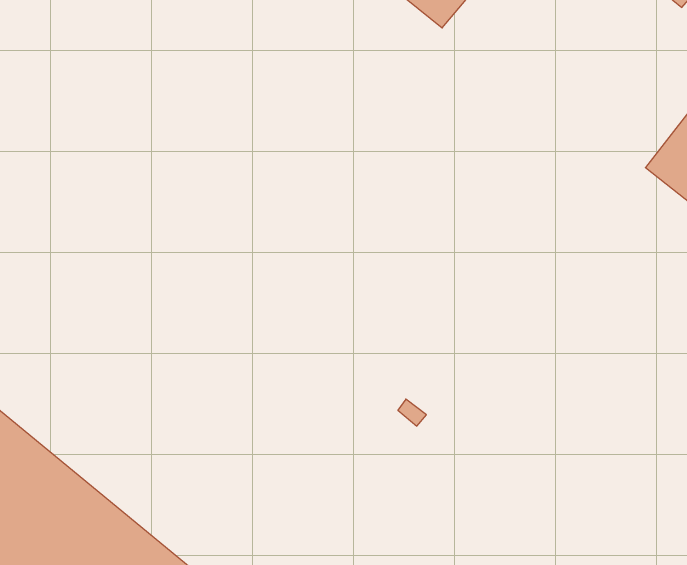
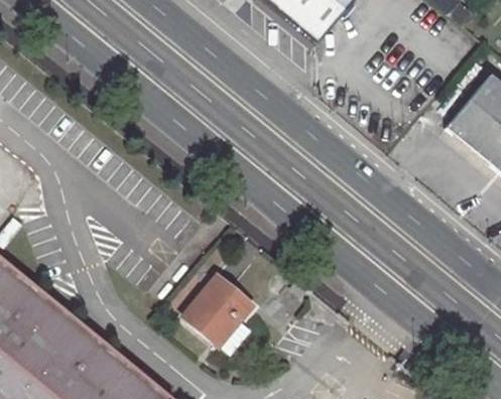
building: none -> [179,271,250,343]

